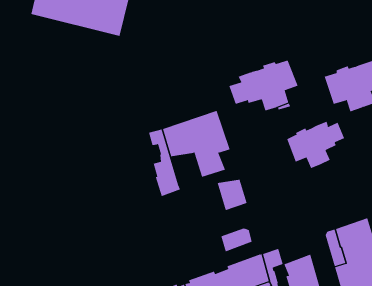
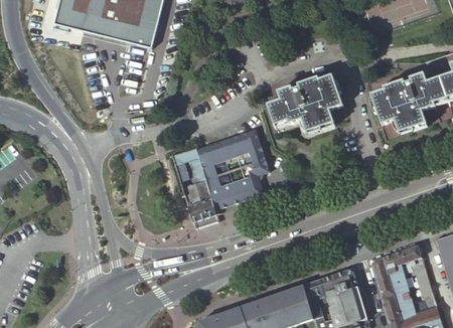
building: [286,121,345,169] -> none
building: [217,179,248,211] -> [205,175,239,209]
building: [221,228,252,252] -> [322,269,356,295]

